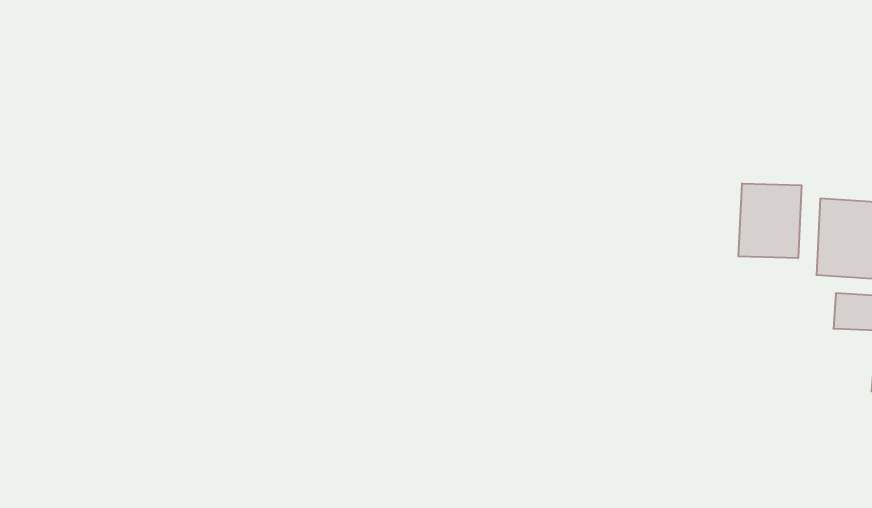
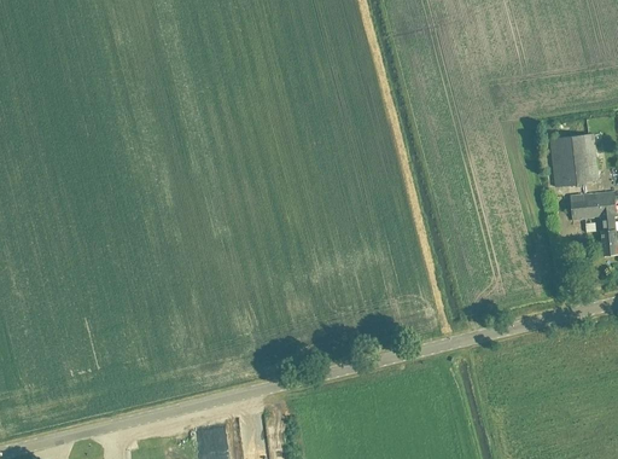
building: [738,183,802,258] -> none

